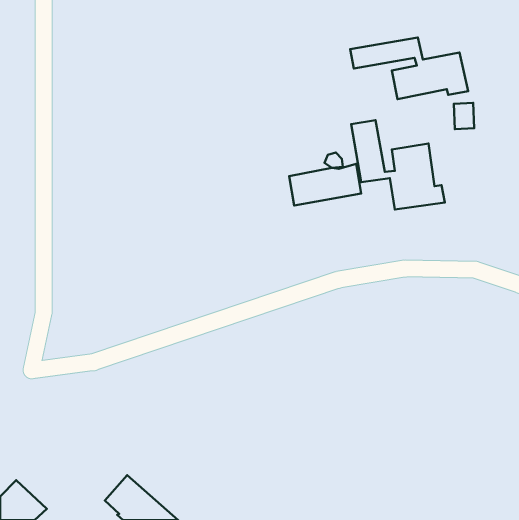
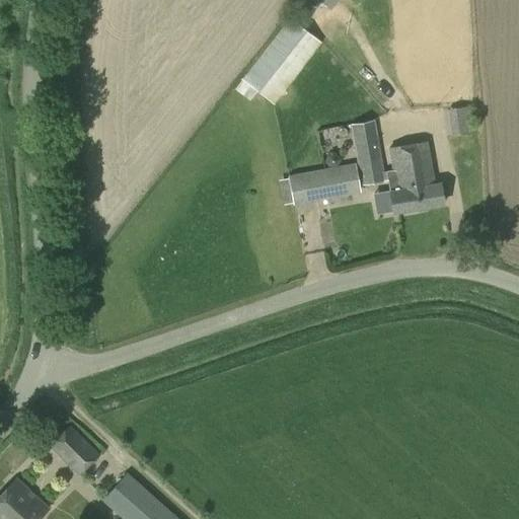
building: none -> [242,17,322,103]
building: [350,37,468,99] -> none
building: none -> [50,425,100,475]

